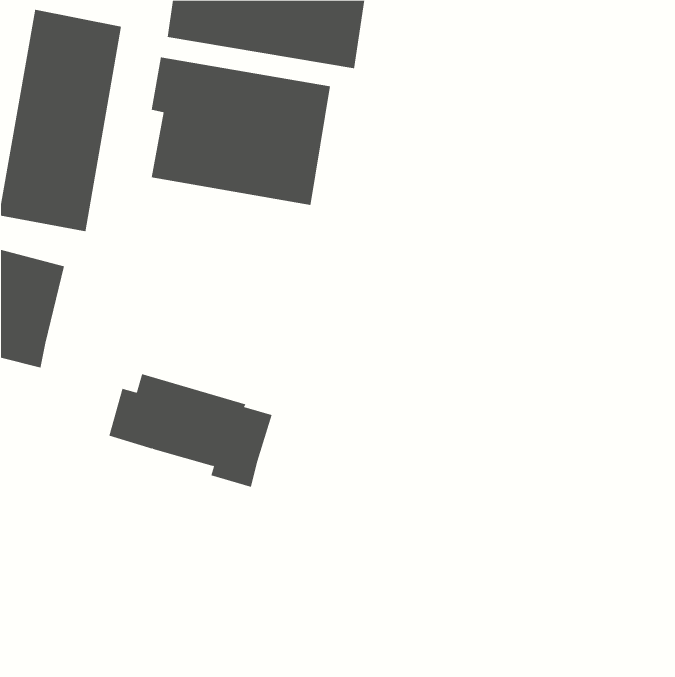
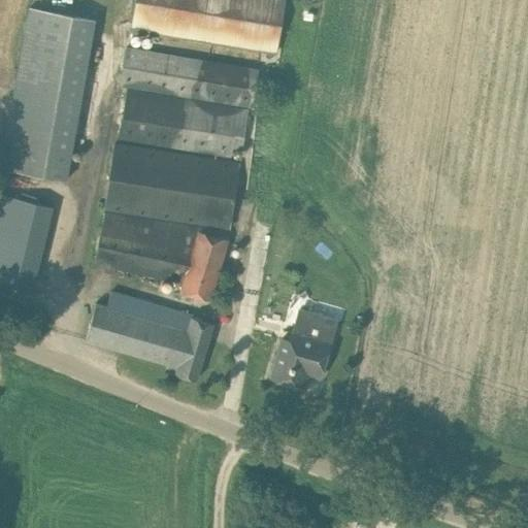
building: none -> [96,143,240,303]
building: none -> [271,306,337,387]

